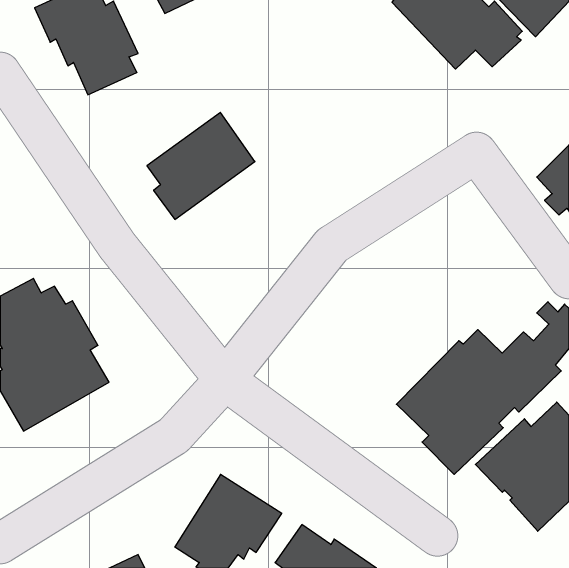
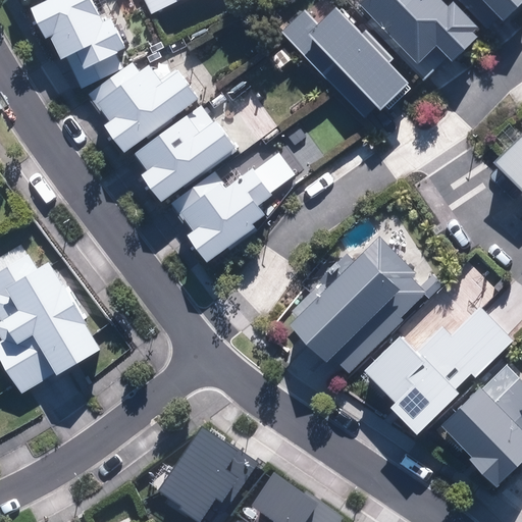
building: none -> [280,7,414,121]
building: none -> [87,61,199,153]
building: none -> [172,150,296,263]
building: none -> [289,236,426,372]

